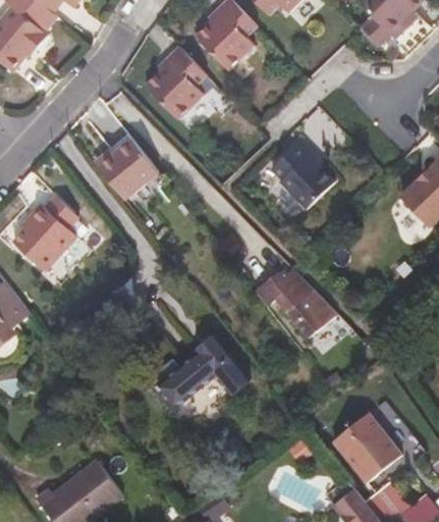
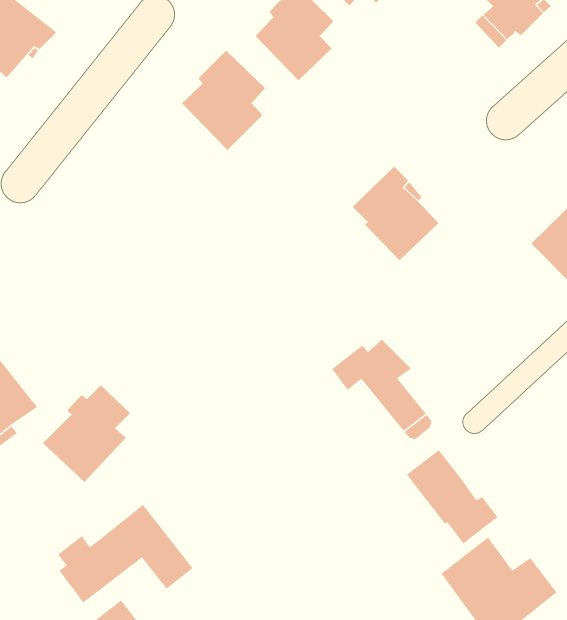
building: [99,141,161,201] -> none
building: [13,198,79,271] -> [42,385,131,483]
building: [154,335,256,410] -> [57,504,194,603]
building: none -> [406,449,499,544]

